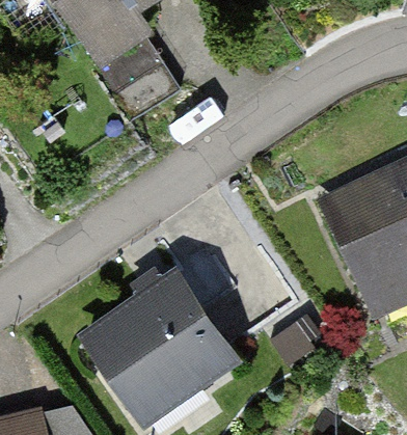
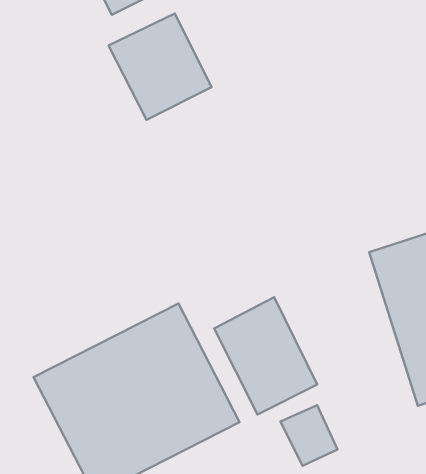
building: none -> [214,297,317,414]

